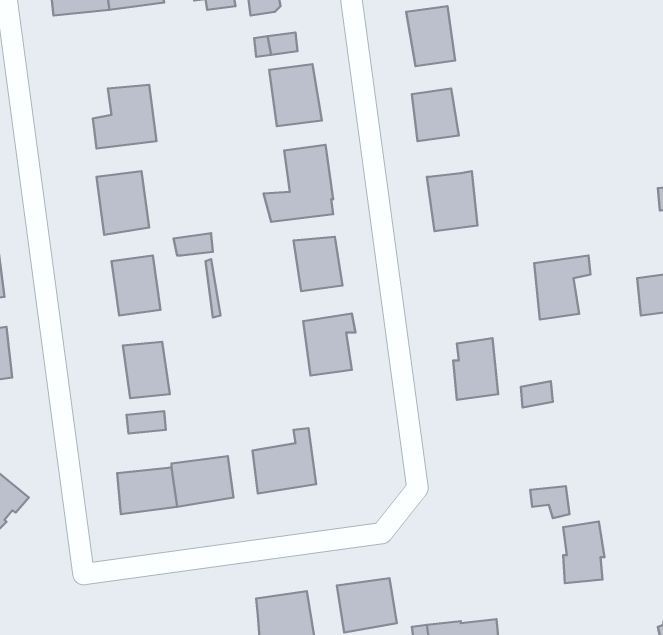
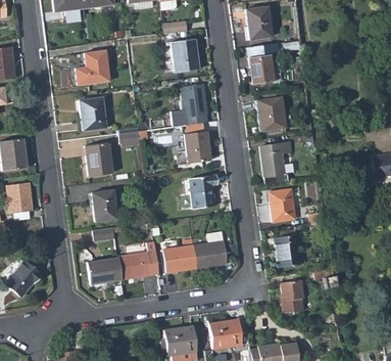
building: [534,256,590,319] -> [261,142,292,177]
building: none -> [193,231,227,268]
building: none -> [275,234,301,267]
building: [563,521,604,583] -> [283,281,305,315]

